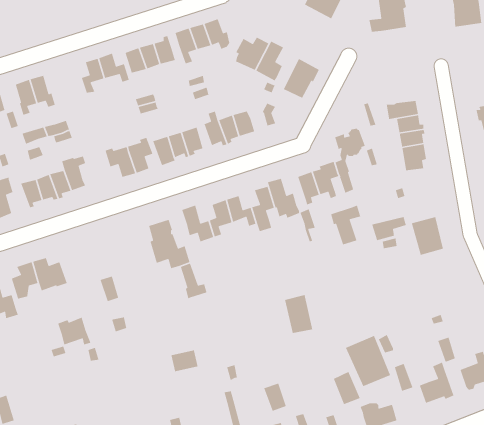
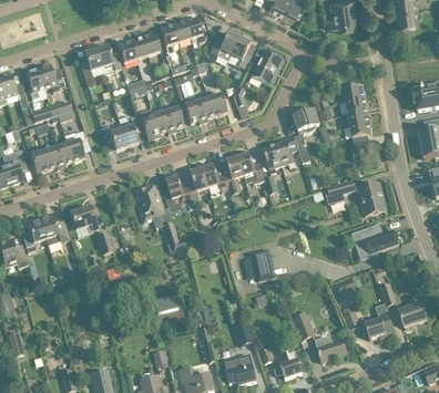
building: [330,205,361,246] -> none
building: none -> [351,221,397,251]
building: [57,317,91,346] -> [69,205,98,229]
building: [345,335,391,387] -> none

